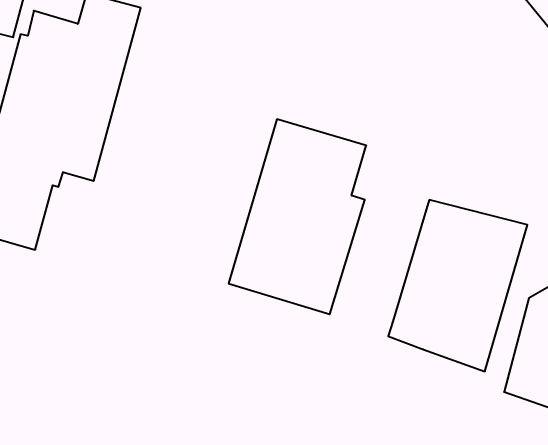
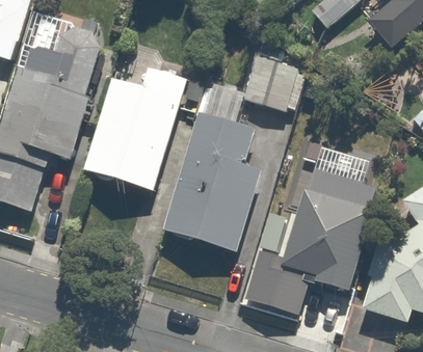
building: none -> [245,53,305,114]
building: none -> [85,65,195,195]
building: none -> [238,250,303,314]

